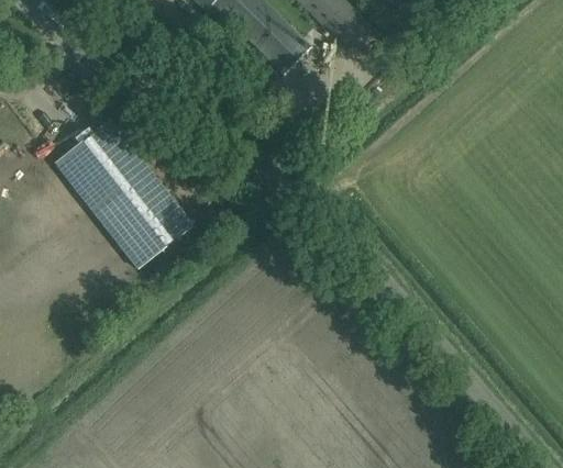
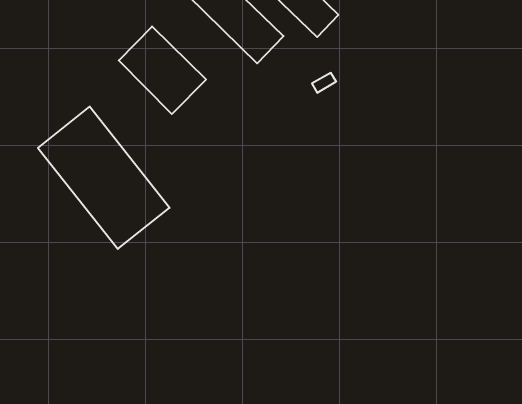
building: none -> [119,26,206,114]

